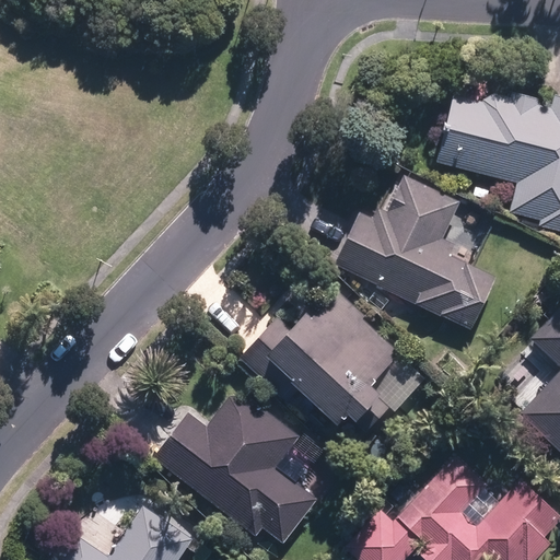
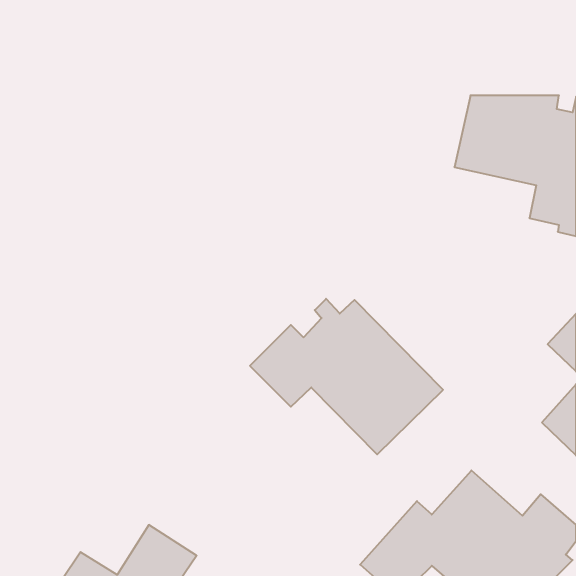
building: [338,174,497,329] -> none
building: [154,388,319,544] -> none

